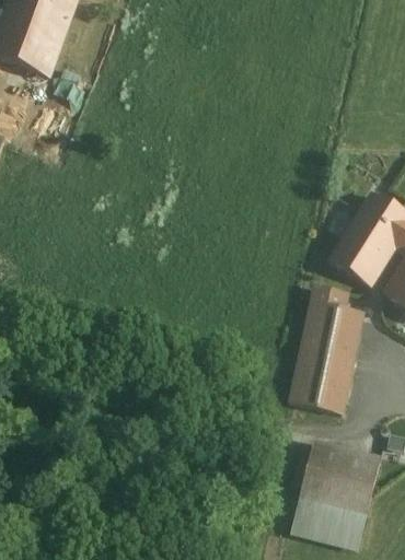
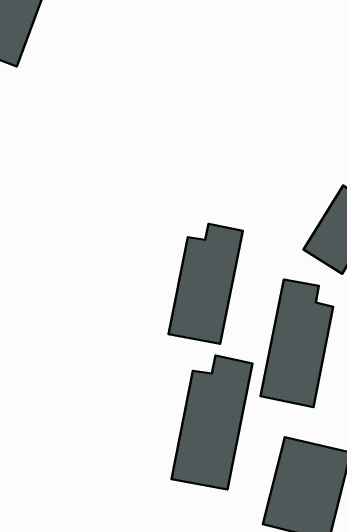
building: none -> [169,224,243,344]
building: none -> [171,356,253,490]

